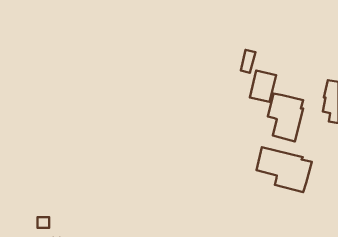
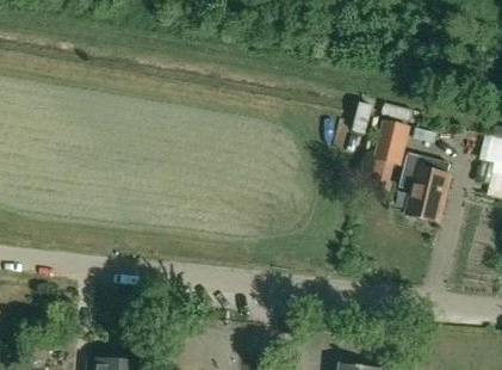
building: [256,147,312,192] -> none

